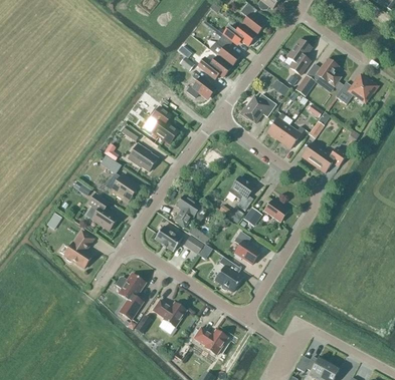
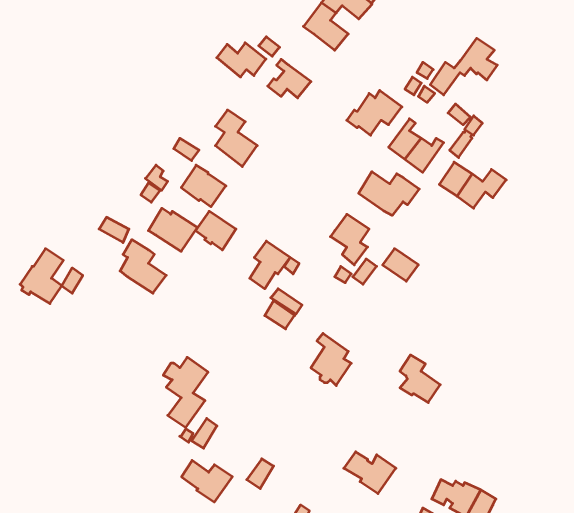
building: [287,39,311,74] -> none
building: [198,55,231,78] -> [217,43,266,77]
building: [335,74,378,104] -> none
building: none -> [359,172,419,215]
building: [155,226,182,252] -> [196,211,236,250]
building: [64,231,93,268] -> [20,249,63,304]
building: [233,232,260,264] -> [400,355,440,403]
building: [153,299,187,327] -> [182,460,232,502]
building: [193,327,228,355] -> [344,452,396,494]

